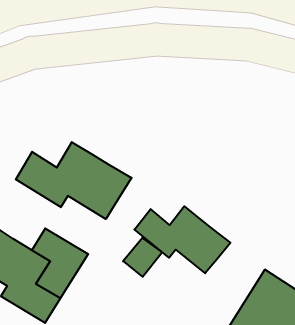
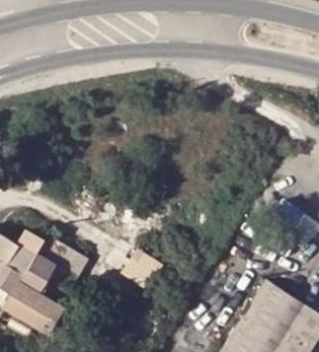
building: [16,142,132,219] -> none
building: [134,206,230,273] -> none

